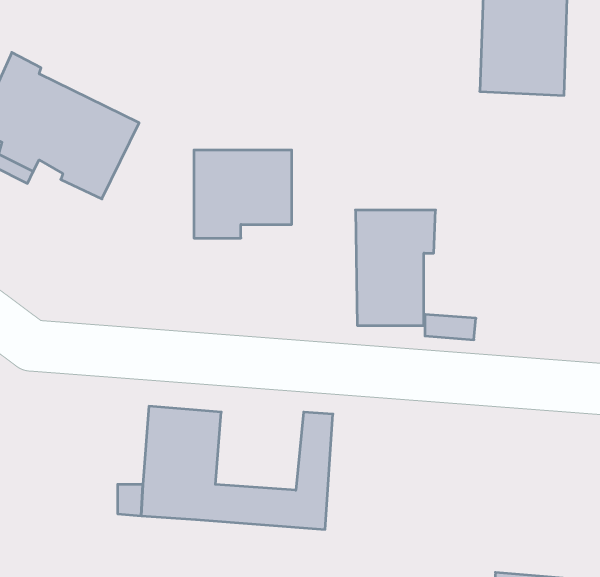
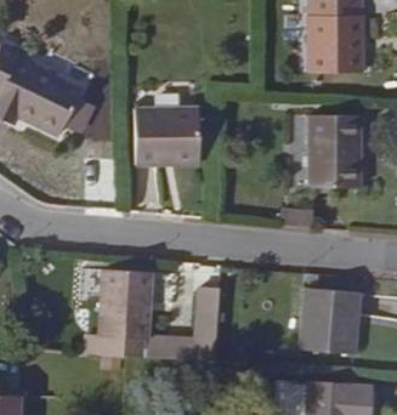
building: [355,210,436,325] -> [295,119,345,191]
building: none -> [295,290,355,346]

